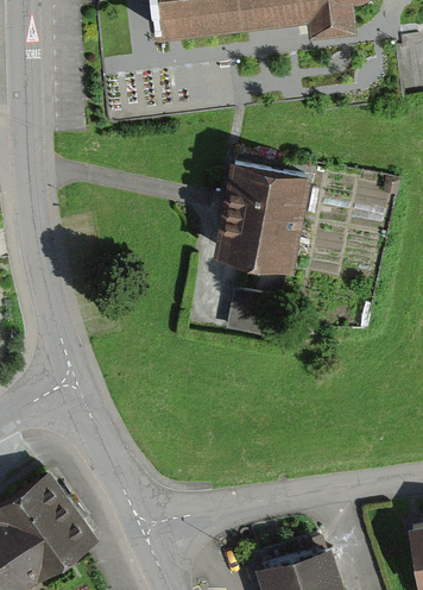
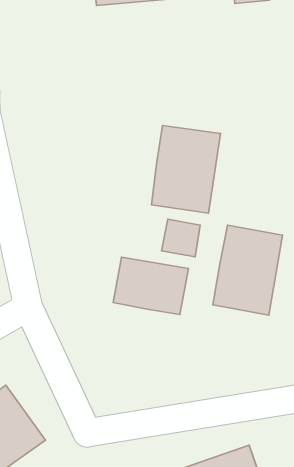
building: none -> [213,225,283,315]
building: none -> [113,257,188,315]

